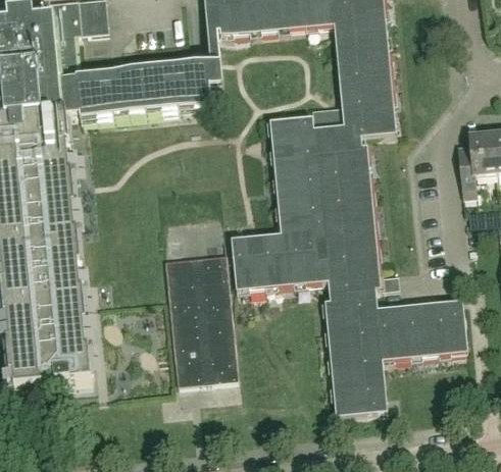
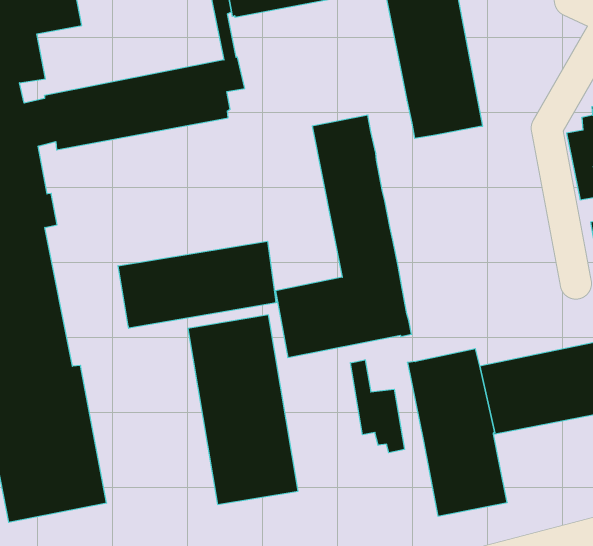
building: [311,107,381,300] -> none
building: none -> [118,241,278,328]
building: none -> [350,360,404,453]

